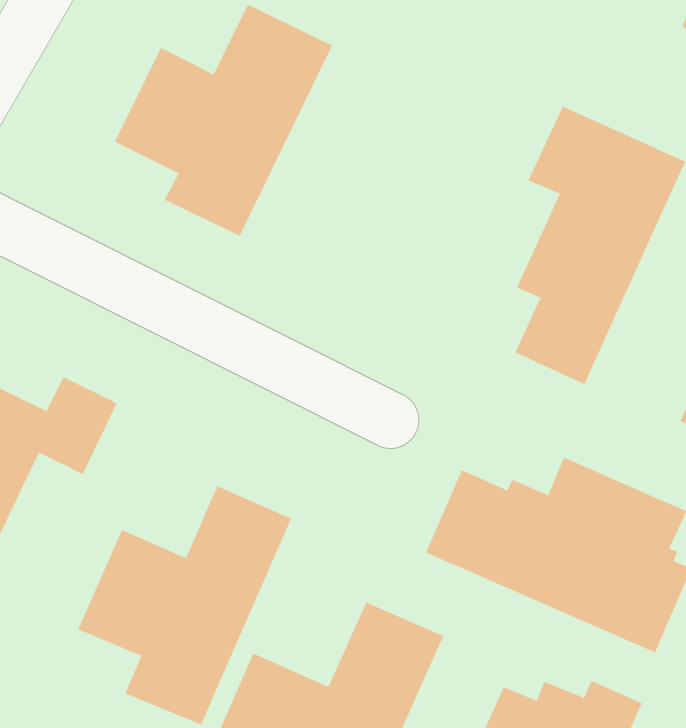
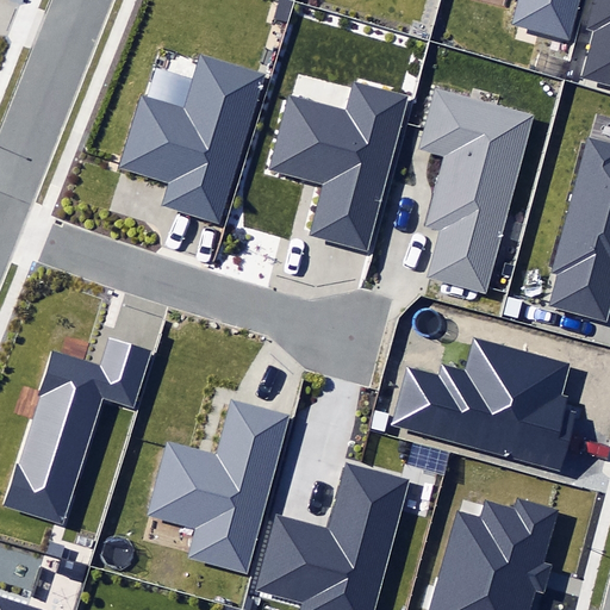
building: none -> [272,80,410,251]

